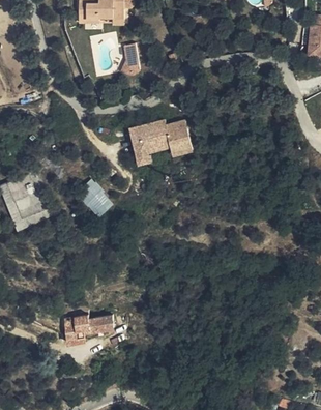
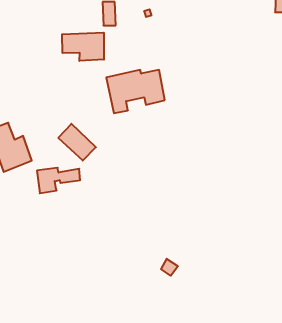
building: none -> [62,33,104,61]
building: [65,315,113,343] -> [37,168,80,193]

